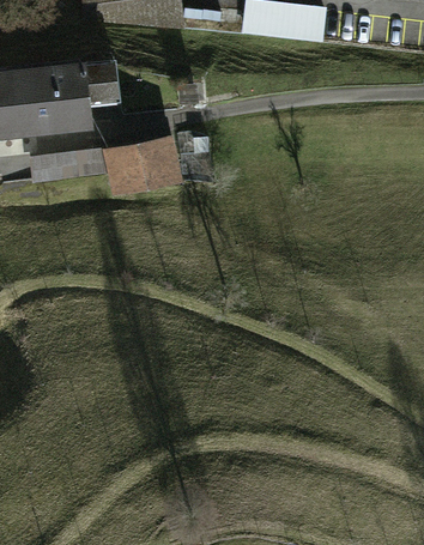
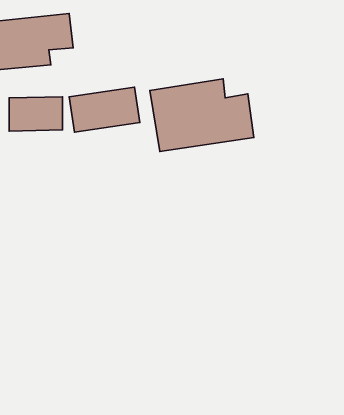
building: none -> [150,79,254,151]

